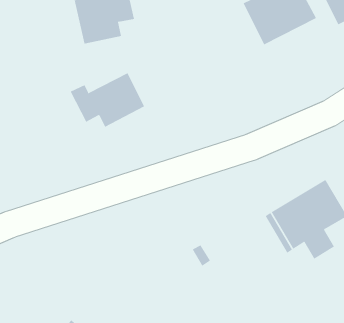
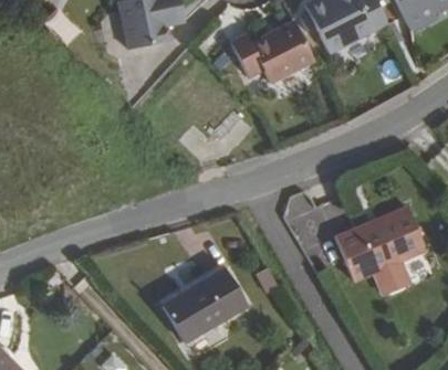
building: [70,73,145,128] -> [232,20,315,81]
building: none -> [149,268,233,343]

